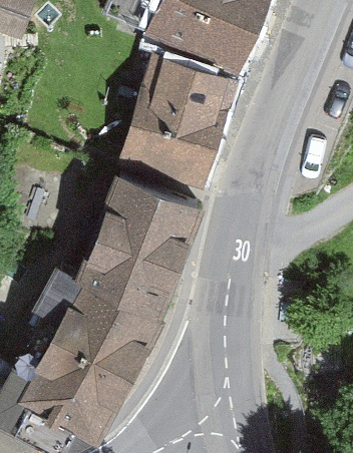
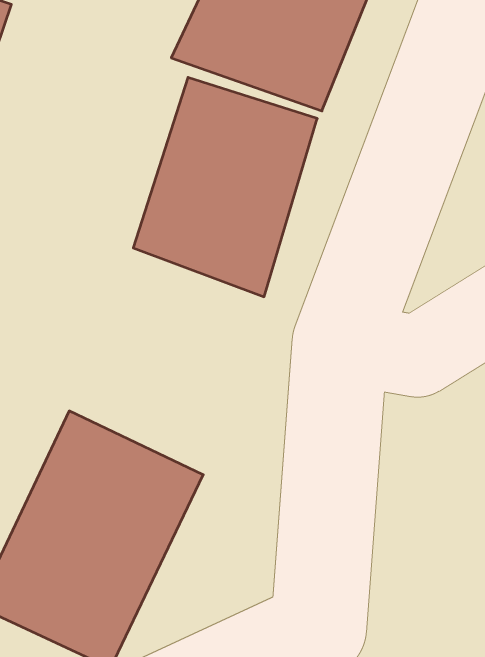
building: [75,169,200,314] -> none

